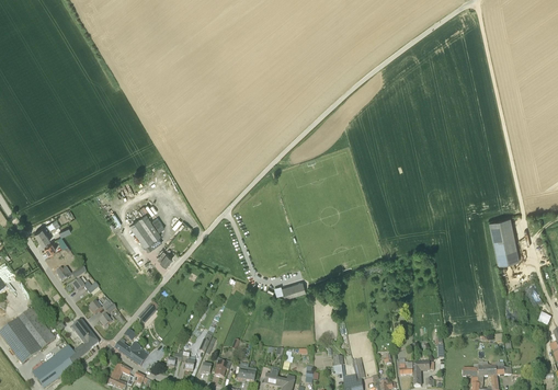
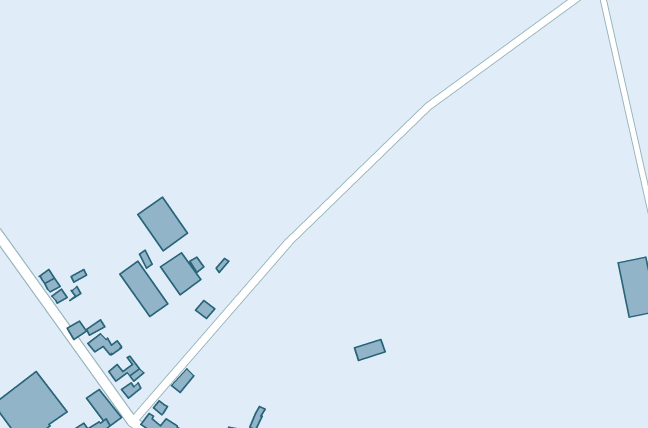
building: none -> [138,197,188,251]
building: none -> [120,261,168,317]

